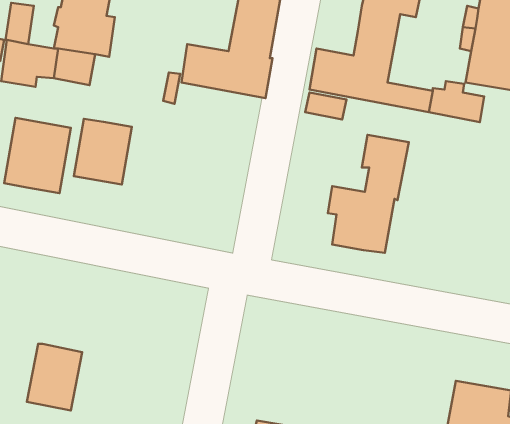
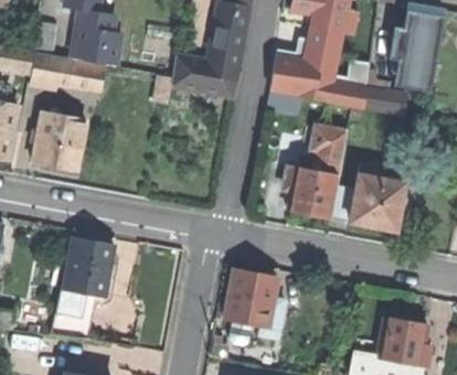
building: [74,119,132,184] -> none
building: none -> [330,163,404,231]
building: none -> [62,236,114,296]
building: none -> [224,269,284,338]

